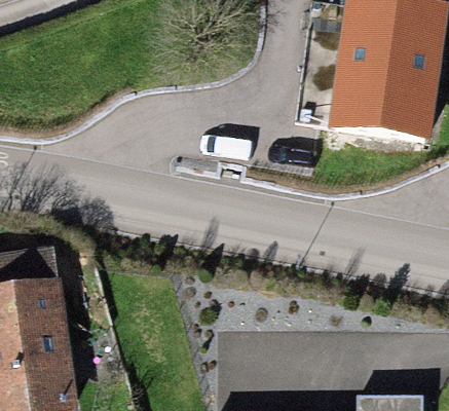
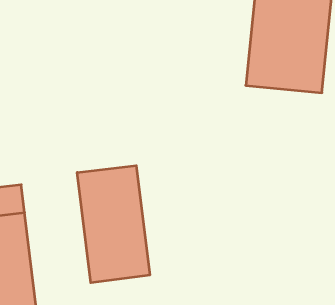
building: none -> [77,166,150,283]

